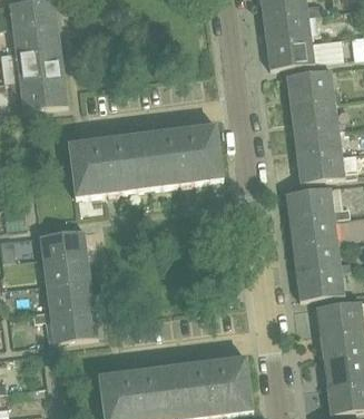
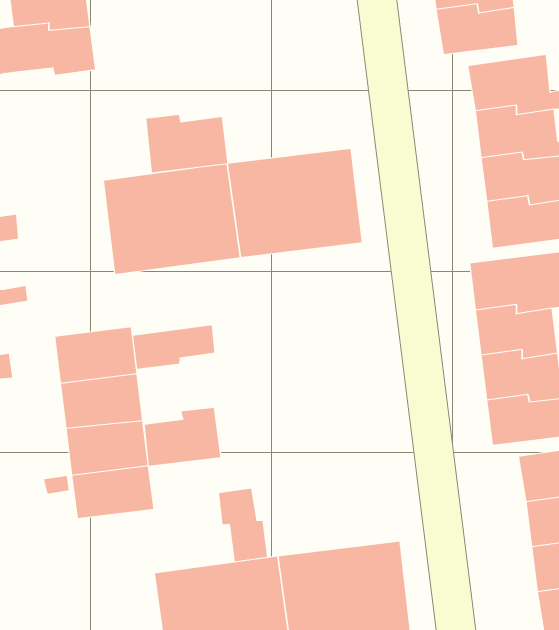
building: [19,75,68,109] -> [146,115,228,173]
building: none -> [132,324,215,369]
building: none -> [144,407,221,466]
building: none -> [218,488,268,562]

